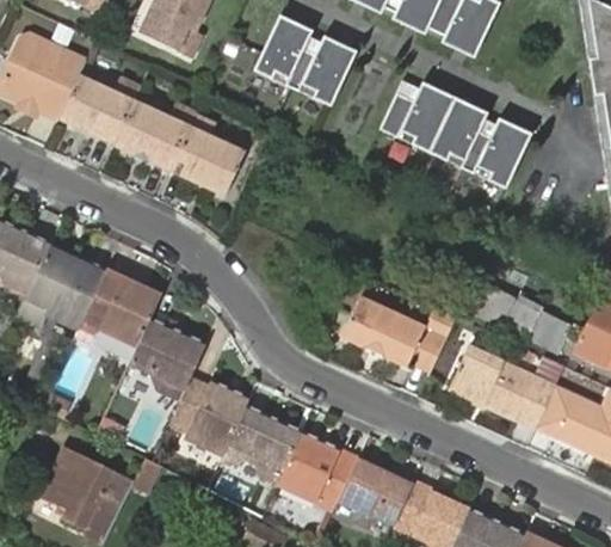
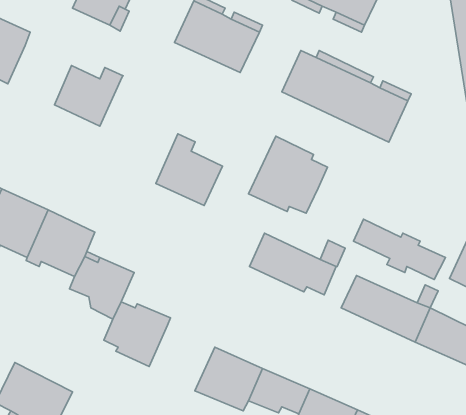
building: [57,75,137,146] -> none
building: [166,112,245,197] -> [156,134,222,206]
building: none -> [249,136,327,213]
building: [222,406,302,485] -> none

